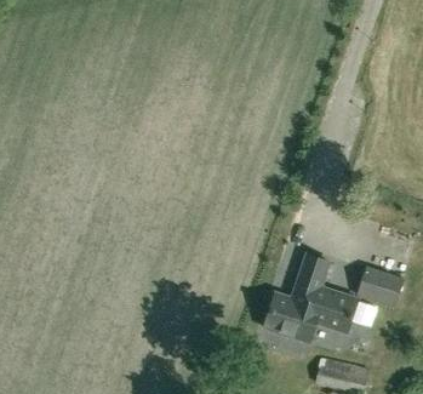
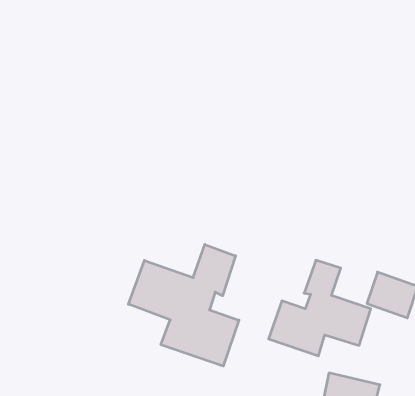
building: none -> [128,244,239,366]

